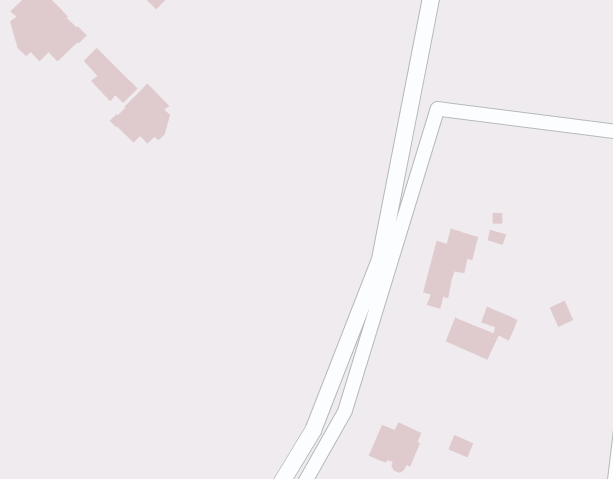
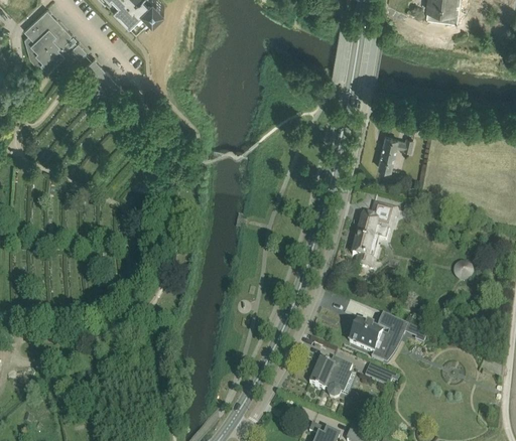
building: [109,83,171,144] -> none
building: none -> [377,135,412,169]
building: [445,306,518,360] -> [349,312,407,355]

